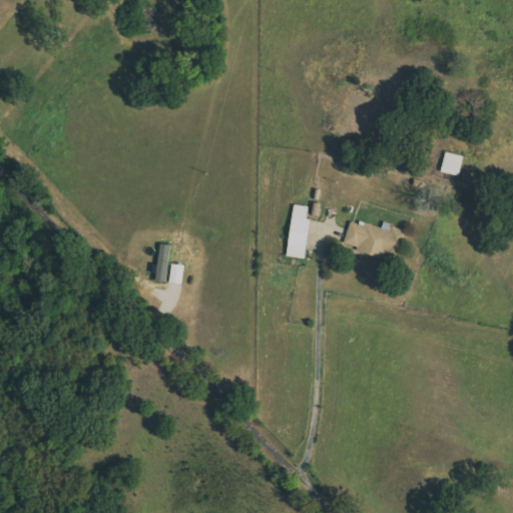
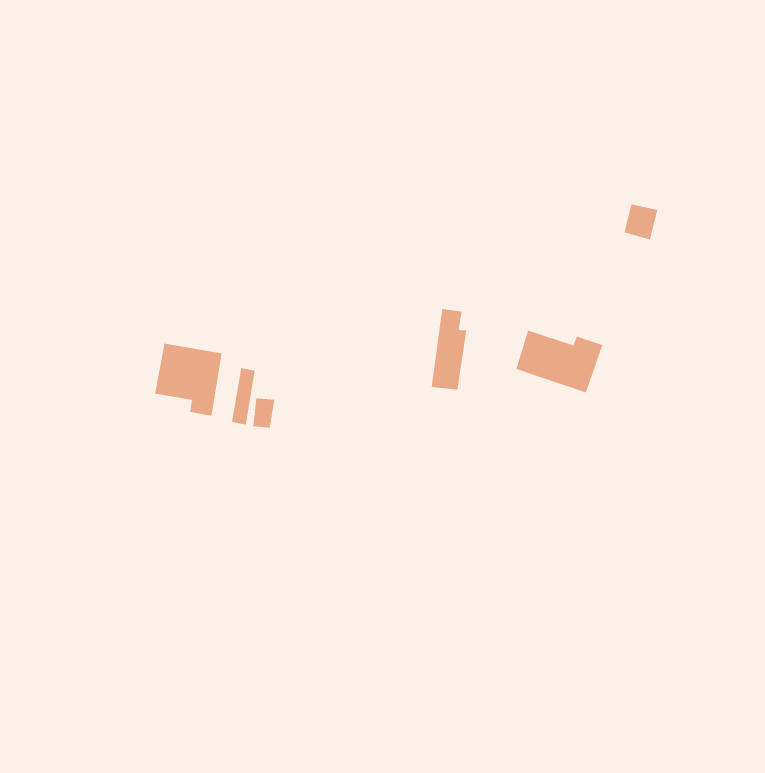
building: [439,152,462,176] -> [623,204,658,240]
building: none -> [155,343,222,416]

